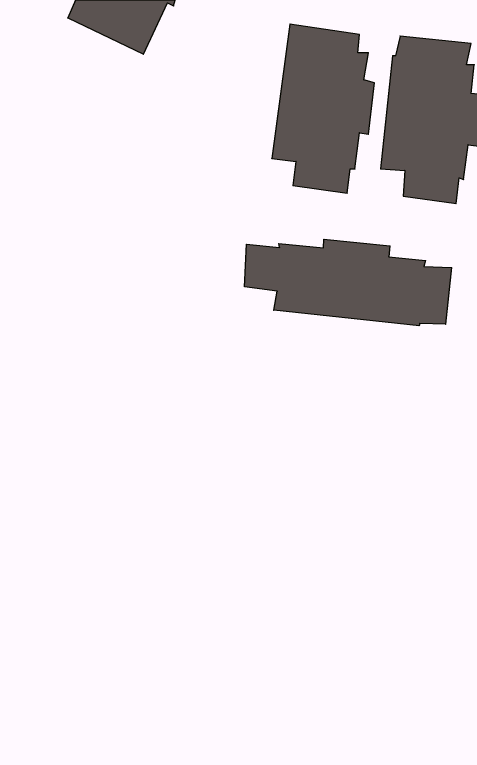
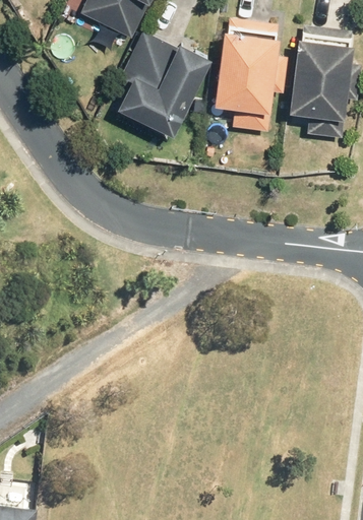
building: none -> [117,32,213,137]
building: [245,239,452,326] -> none

